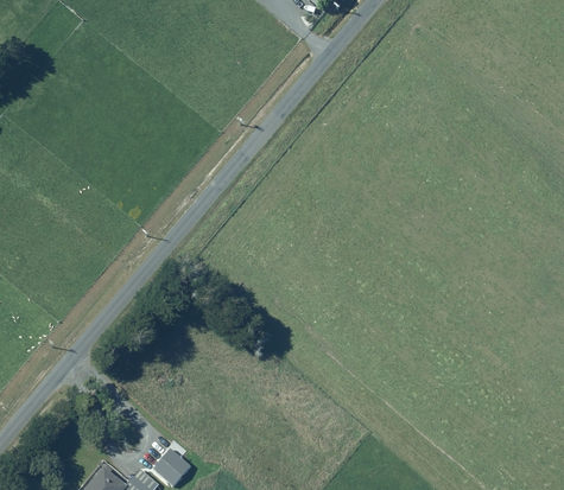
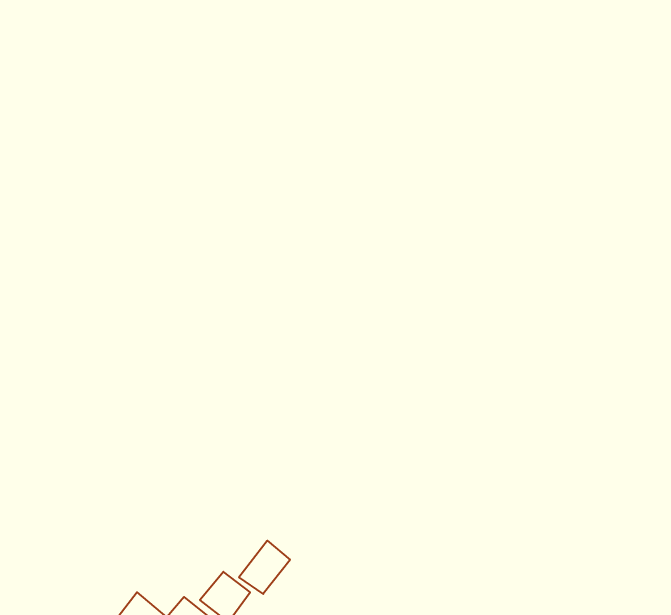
building: none -> [239,541,290,594]

